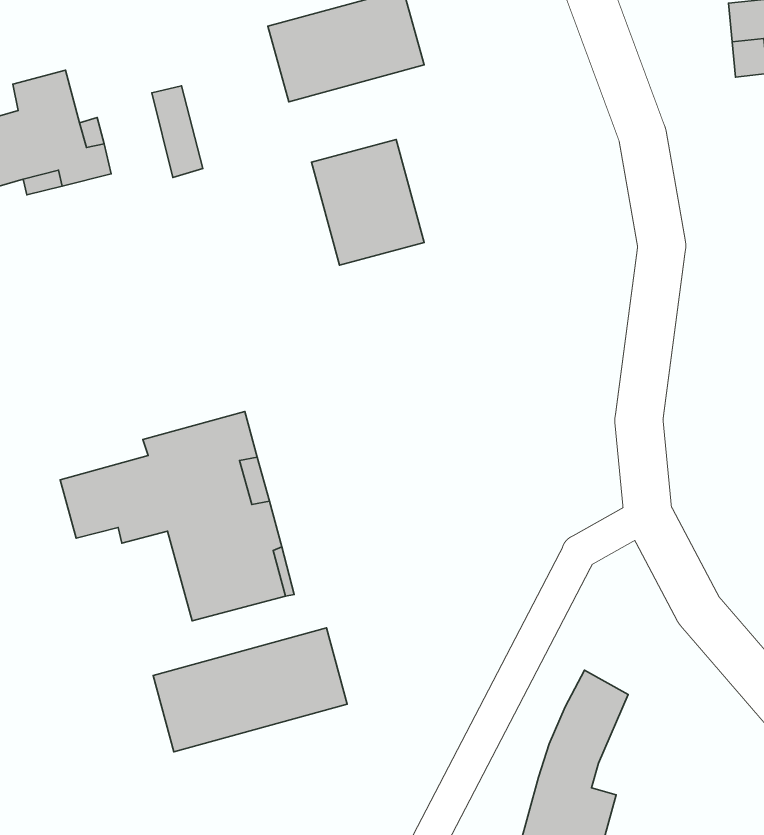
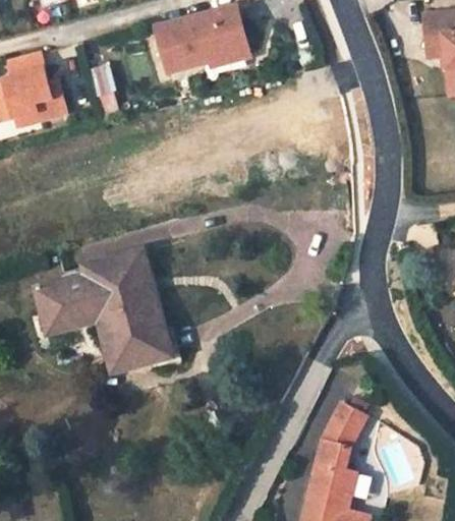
building: [311,139,424,265] -> none
building: [153,628,347,752] -> none

